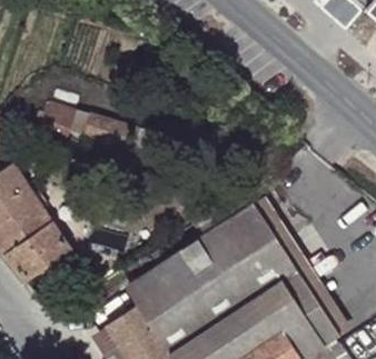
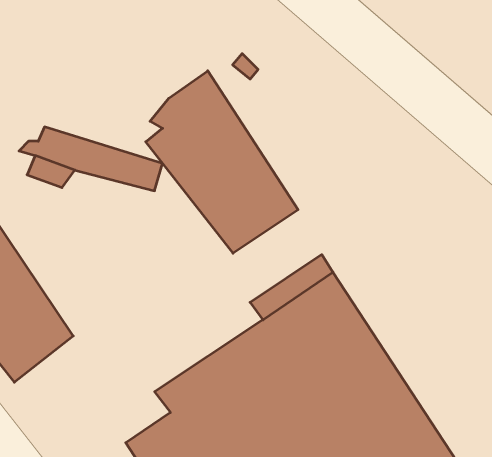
building: none -> [146,71,298,253]

